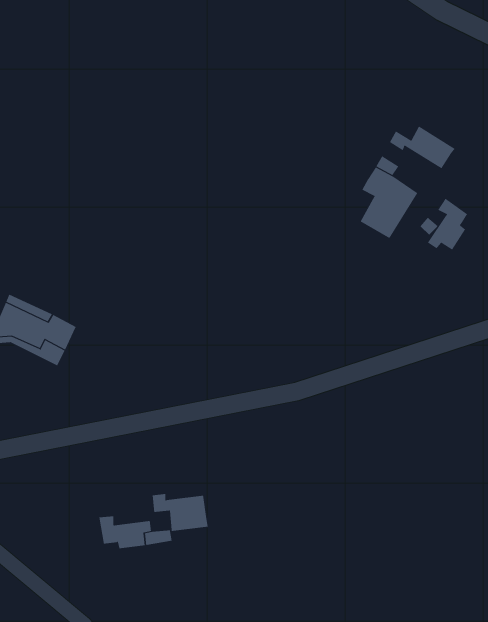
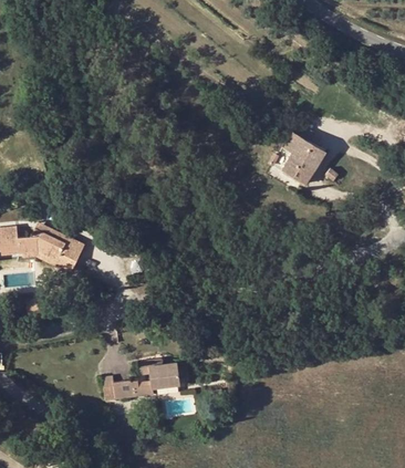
building: [389,126,455,169] -> none
building: [427,198,468,250] -> none

